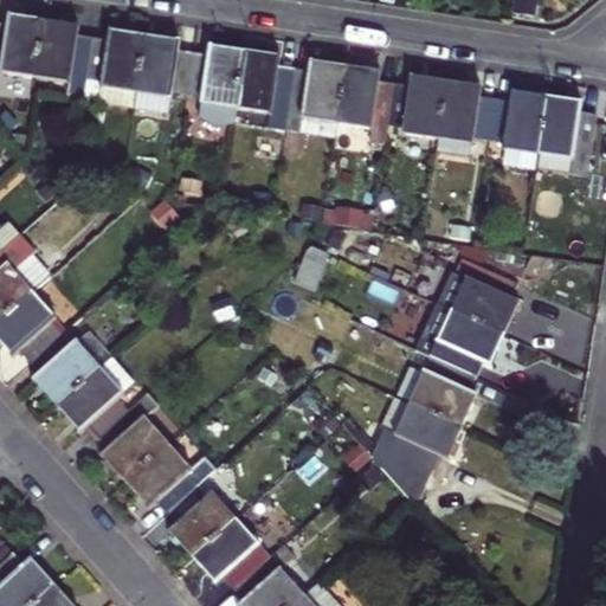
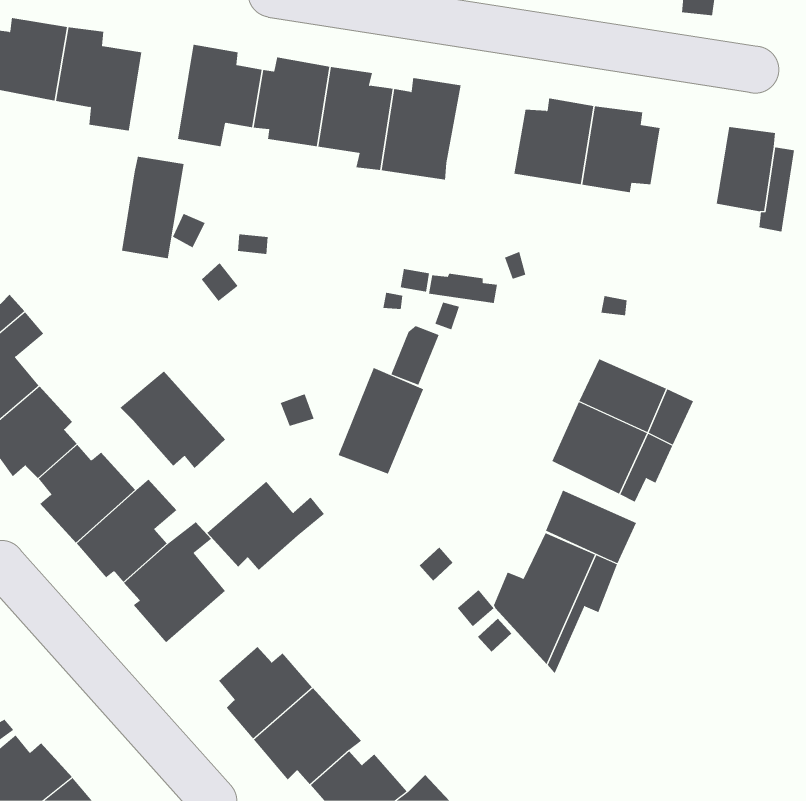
building: [97,27,144,104] -> [121,156,184,259]
building: [335,64,393,141] -> none
building: [488,89,546,153] -> none
building: none -> [338,367,424,474]
building: none -> [119,370,226,469]
building: [124,443,213,510] -> [206,481,325,571]

